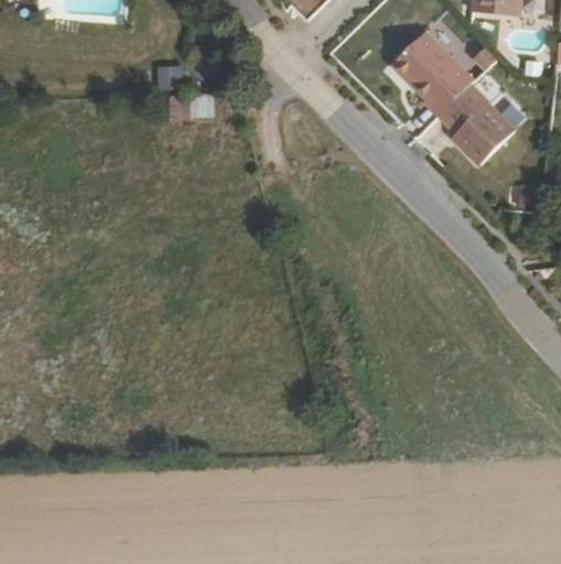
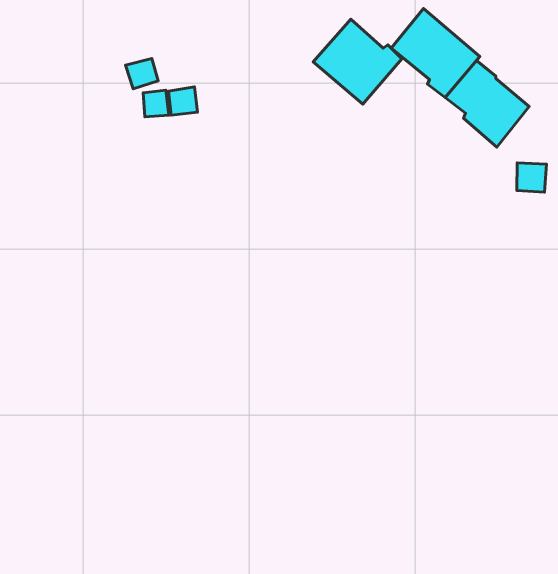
building: none -> [313,19,402,104]

